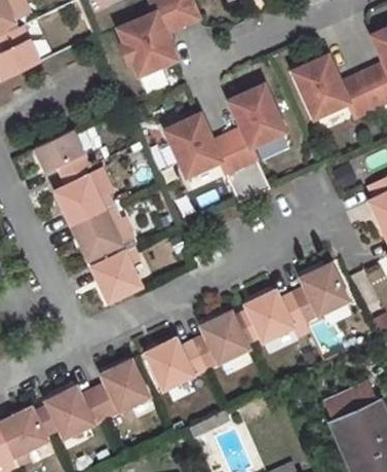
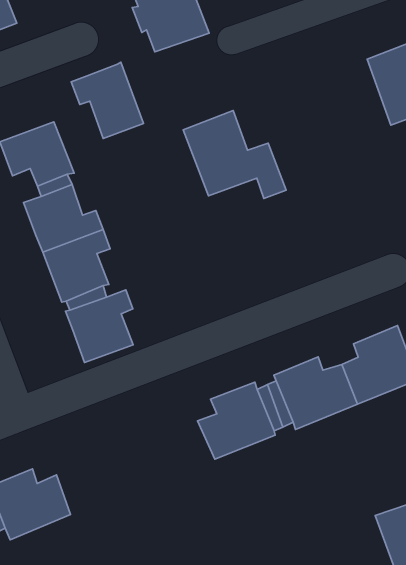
building: [227,86,285,171] -> none
building: none -> [71,62,144,138]
building: [144,337,205,390] -> none
building: [92,358,148,415] -> none

